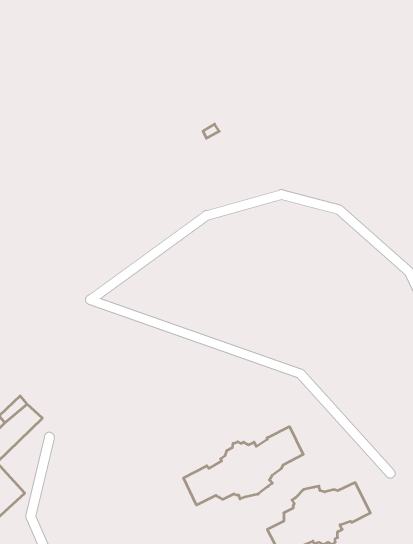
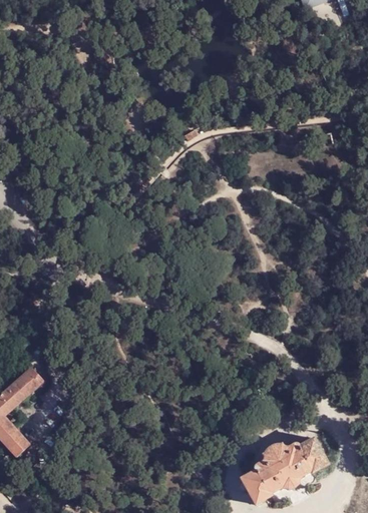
building: [184,427,303,505] -> none

